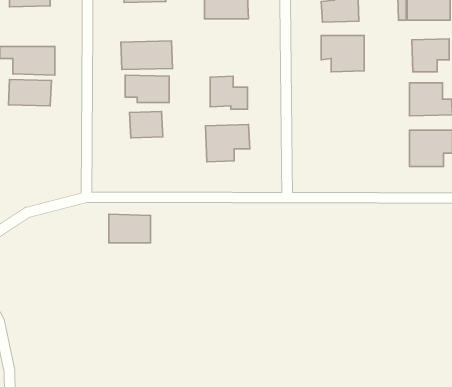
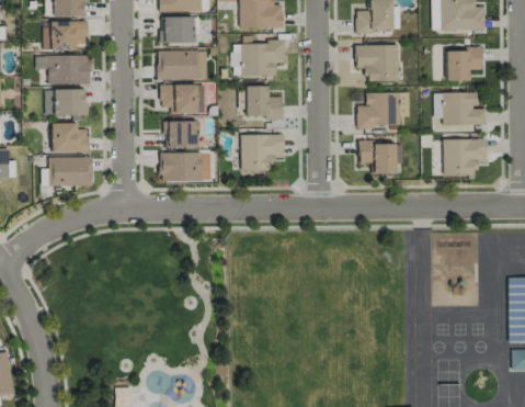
building: none -> [161,18,194,42]
building: none -> [44,21,88,50]
building: none -> [232,42,285,76]
building: none -> [357,92,409,126]
building: none -> [52,123,90,151]
building: none -> [359,143,397,173]
building: none -> [49,157,92,184]
building: [109,214,151,243] -> [161,152,203,181]

